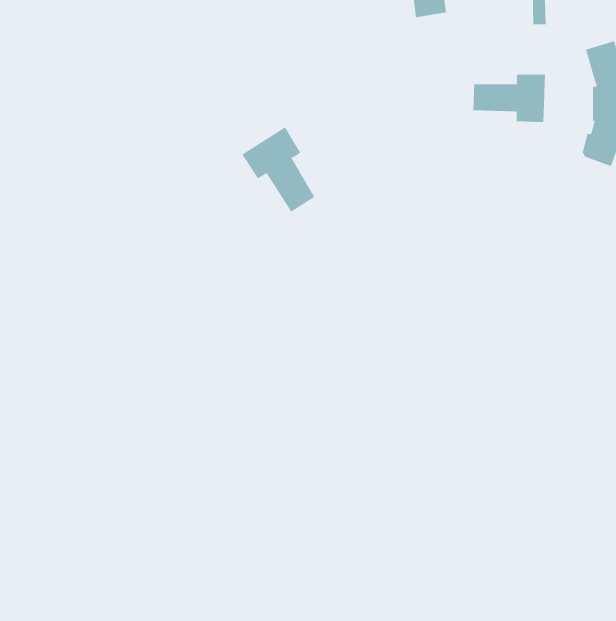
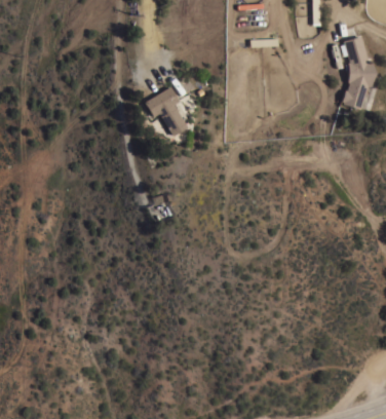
building: [473,74,546,123] -> none

